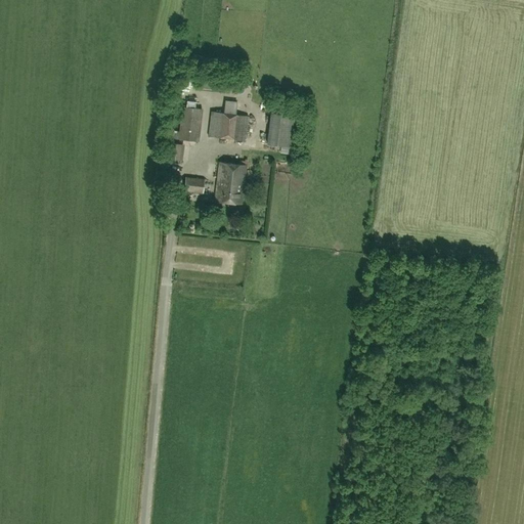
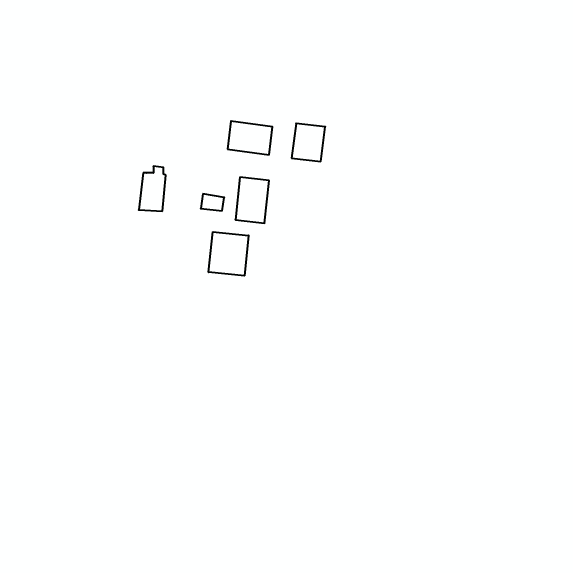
building: [177,100,202,141] -> [139,166,166,211]
building: none -> [209,232,249,276]

